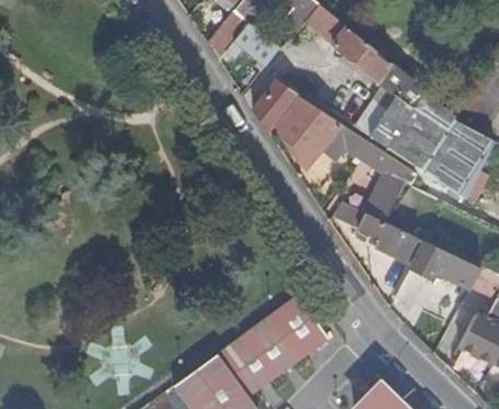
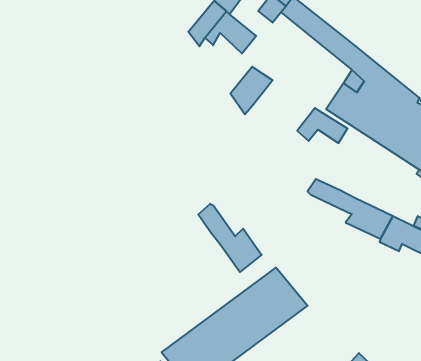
building: [274,96,341,169] -> none
building: [366,147,415,222] -> none
building: none -> [198,204,262,272]

